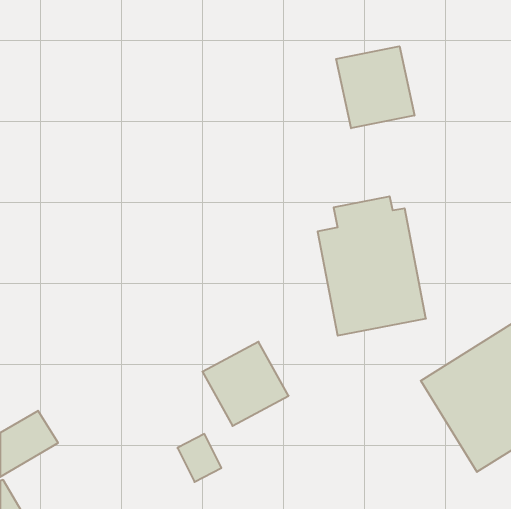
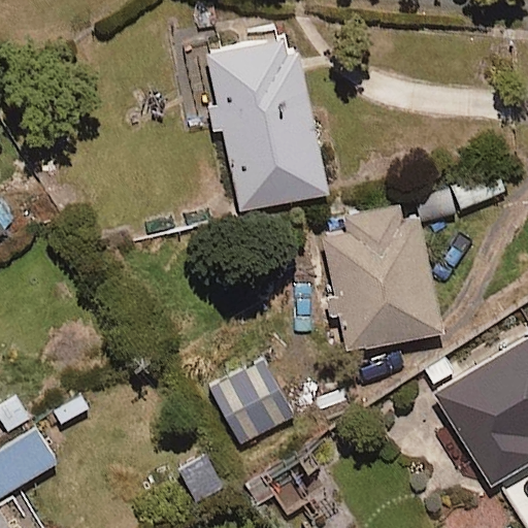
building: none -> [205,38,327,213]
building: [336,46,414,128] -> none

